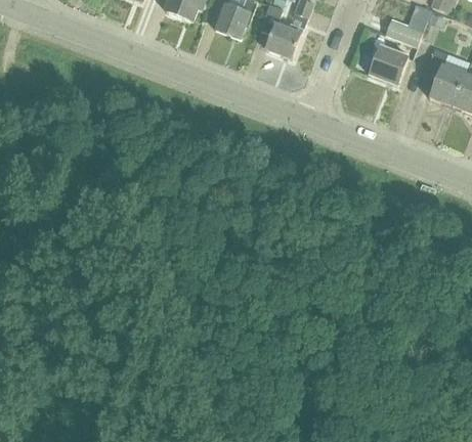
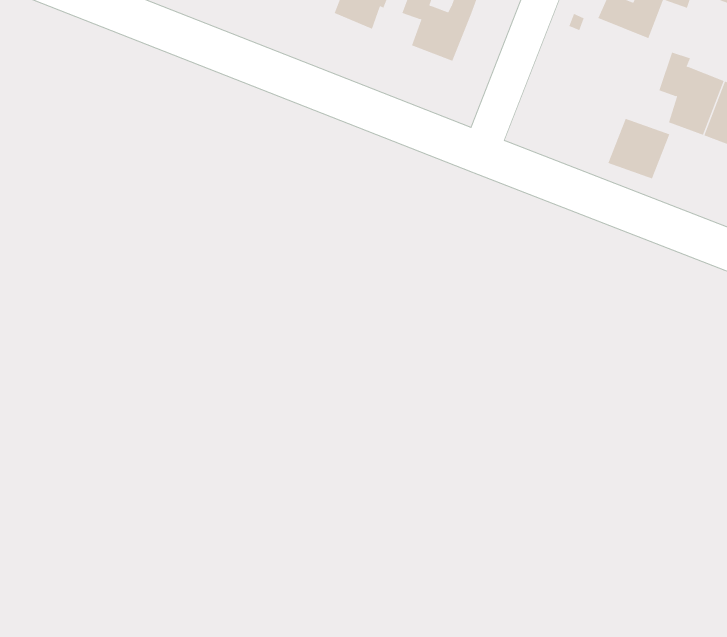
building: [369,45,409,84] -> [607,118,670,179]

